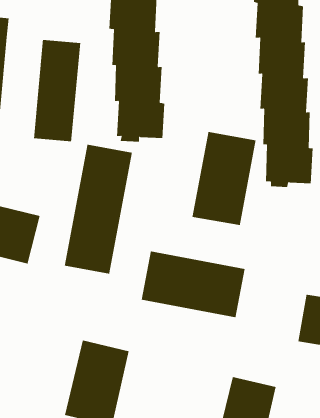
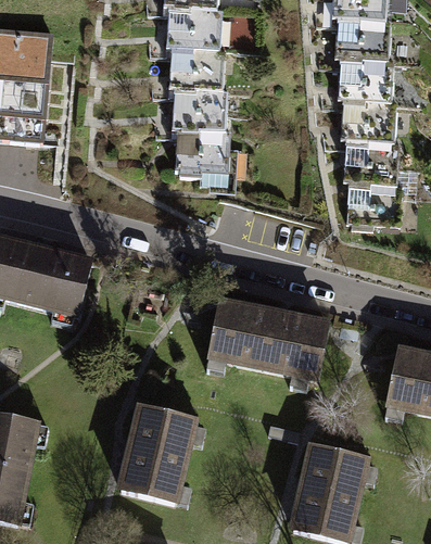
building: [34,39,81,142] -> none
building: [192,131,256,226] -> none
building: [64,144,132,274] -> none

